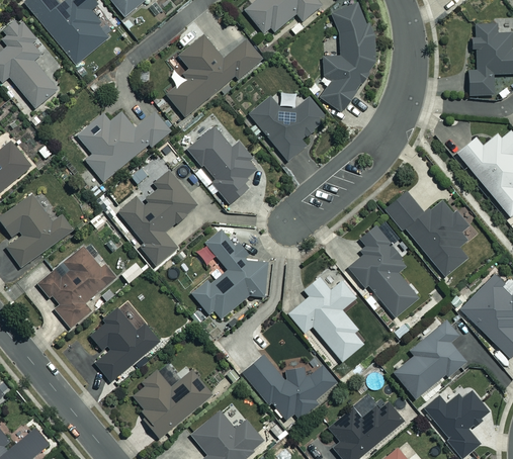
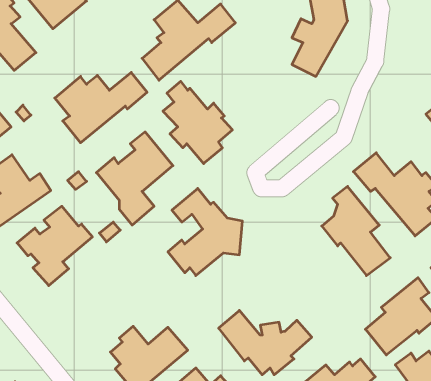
building: [247,96,326,162] -> none
building: [289,266,363,361] -> none
building: [91,308,160,382] -> none

